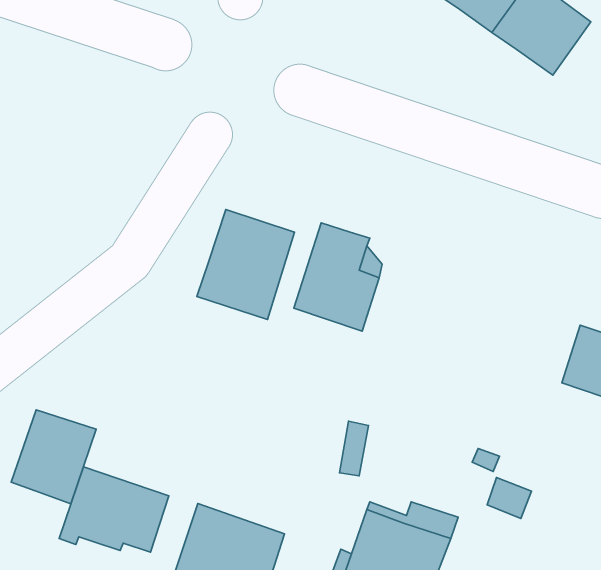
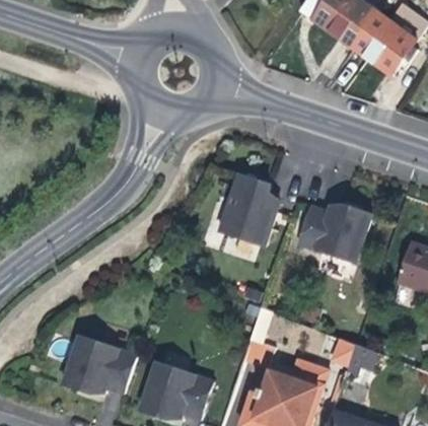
building: [197,210,294,319] -> none
building: none -> [297,206,371,263]
building: [11,410,96,504] -> none

